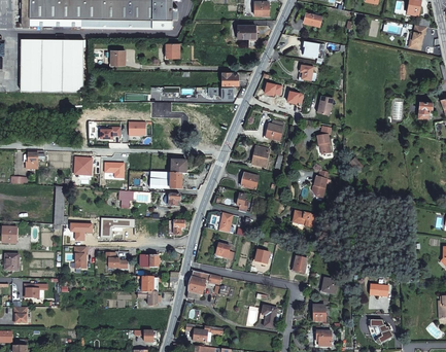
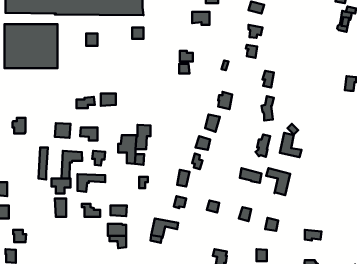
building: none -> [280,133,301,157]
building: none -> [62,151,82,179]
building: none -> [266,168,290,195]

